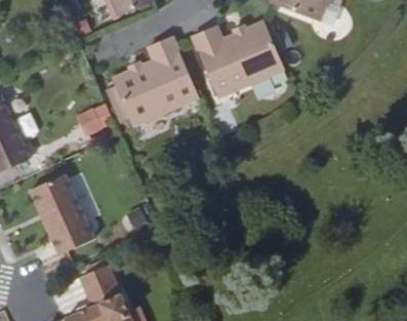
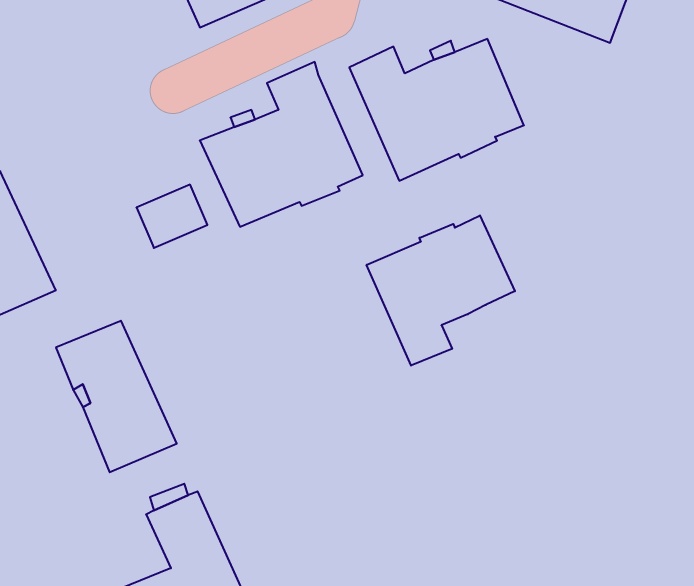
building: none -> [367,215,515,366]

